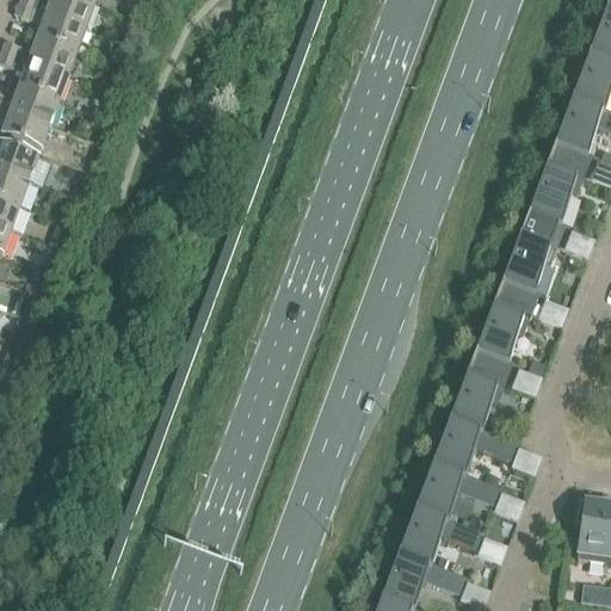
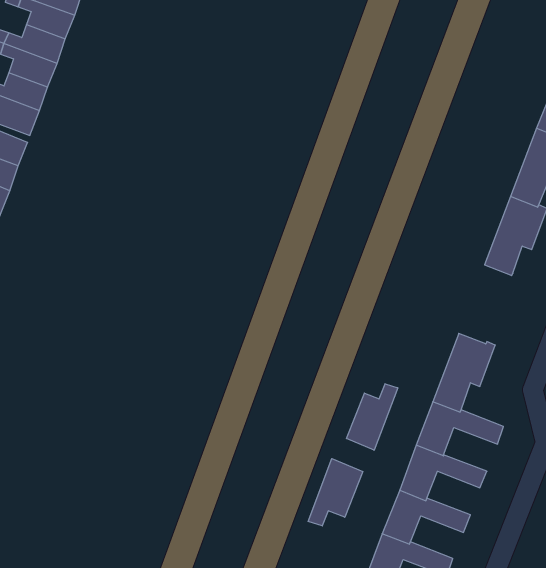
building: [475,282,538,362] -> none
building: none -> [347,384,398,450]
building: none -> [308,459,363,526]

